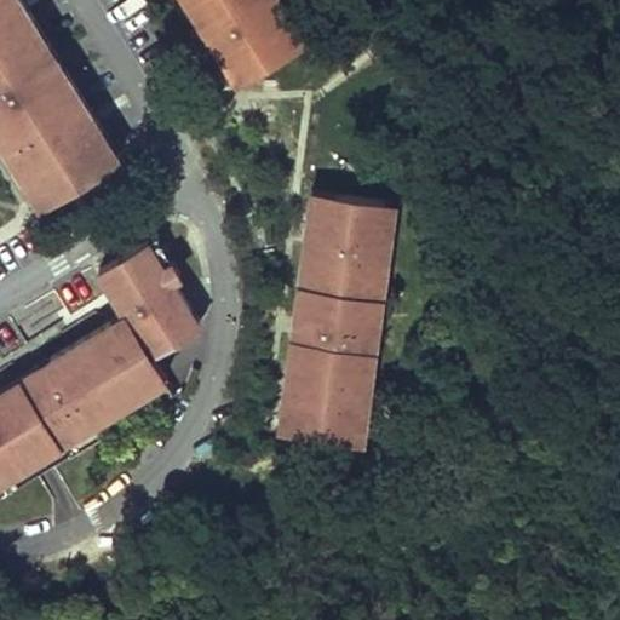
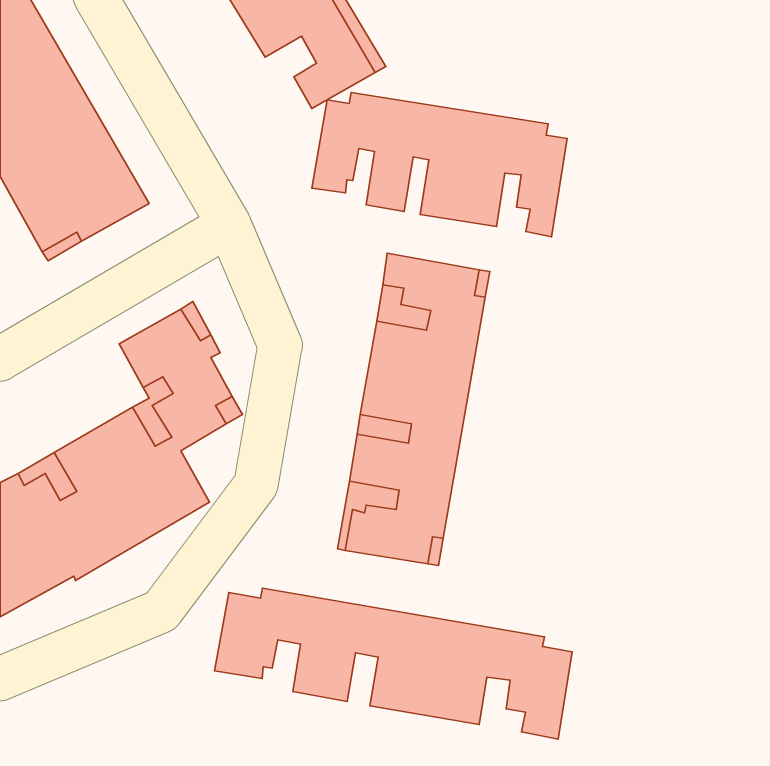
building: [213,29,254,93] -> none
building: none -> [312,92,567,237]
building: none -> [215,588,572,739]

